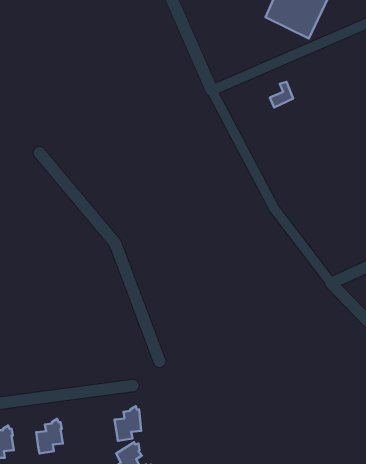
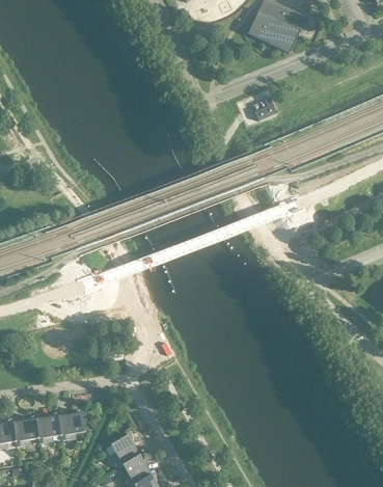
building: [115,406,141,441] -> [58,407,83,439]
building: none -> [12,413,37,445]

